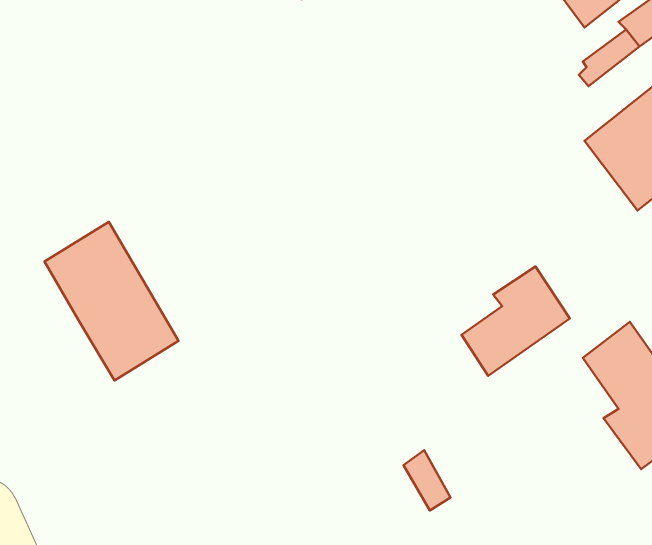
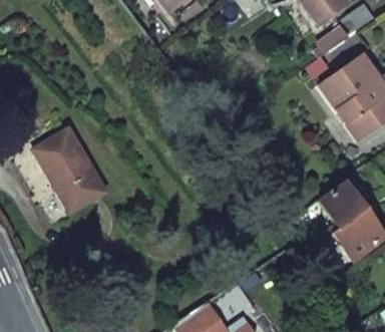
building: [461,266,570,376] -> none

